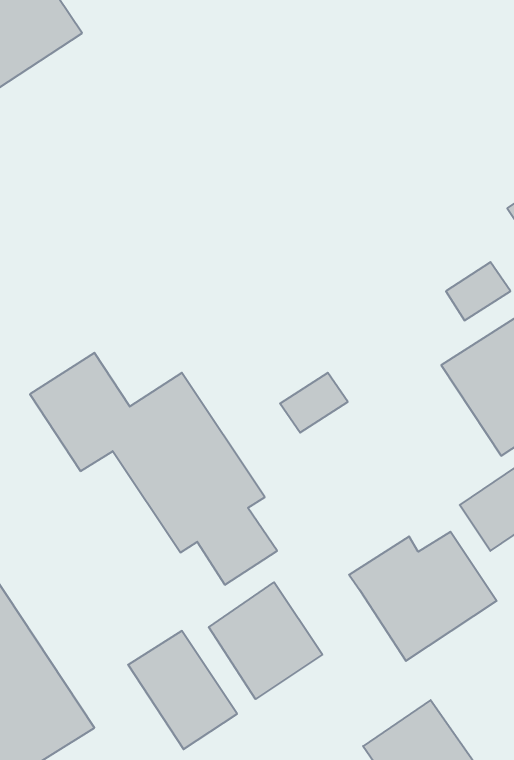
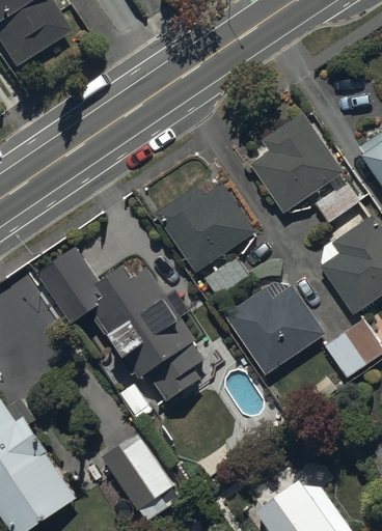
building: none -> [251,114,343,212]
building: none -> [156,184,255,272]
building: [349,532,497,661] -> [225,286,325,373]
building: [209,582,322,699] -> none

